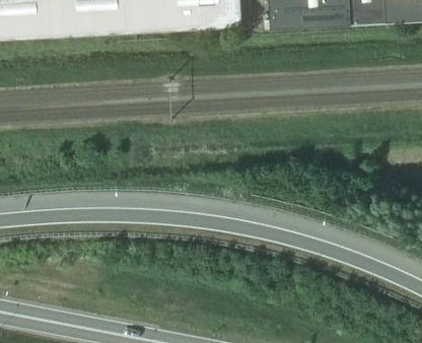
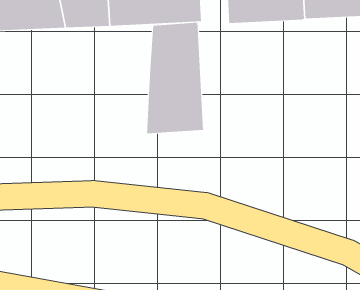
building: none -> [146,22,203,134]

